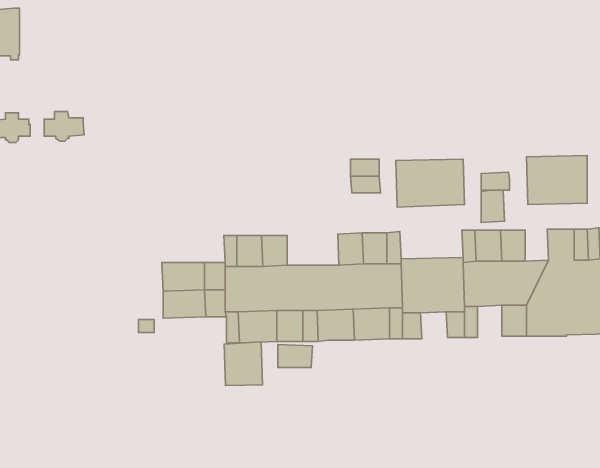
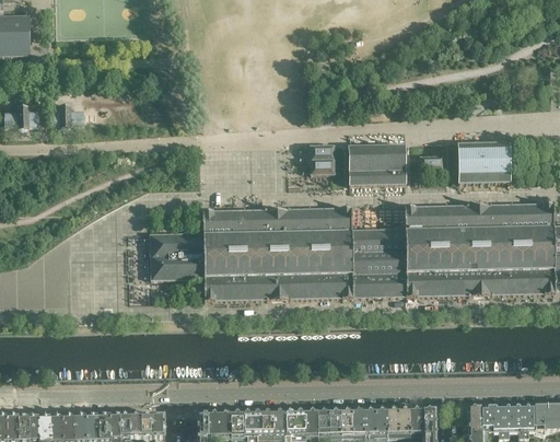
building: [481,190,505,223] -> [457,201,477,229]
building: none -> [256,206,300,232]
building: none -> [417,266,438,293]
building: none -> [369,271,392,294]
building: [224,342,263,386] -> none
building: [278,345,313,368] -> none

